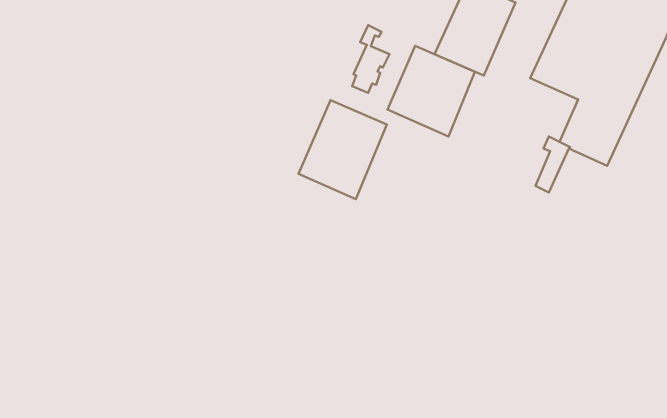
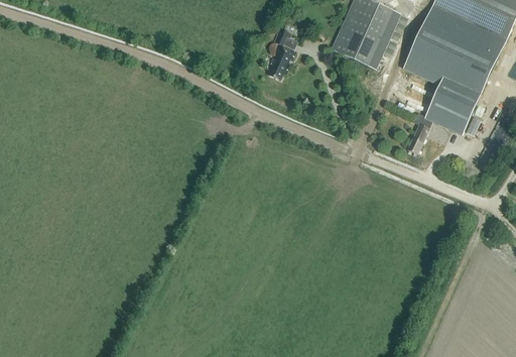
building: [387,46,475,136] -> none
building: [298,100,387,199] -> none

